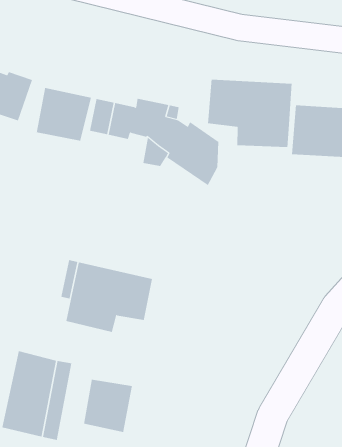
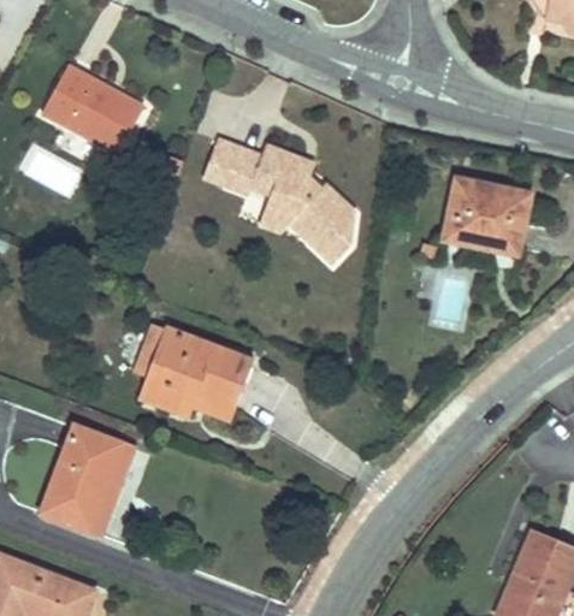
building: [208,79,292,148] -> none
building: [36,87,91,142] -> none
building: [83,379,132,433] -> none

